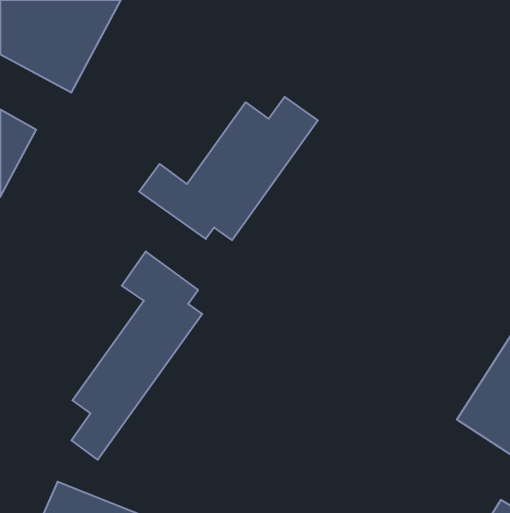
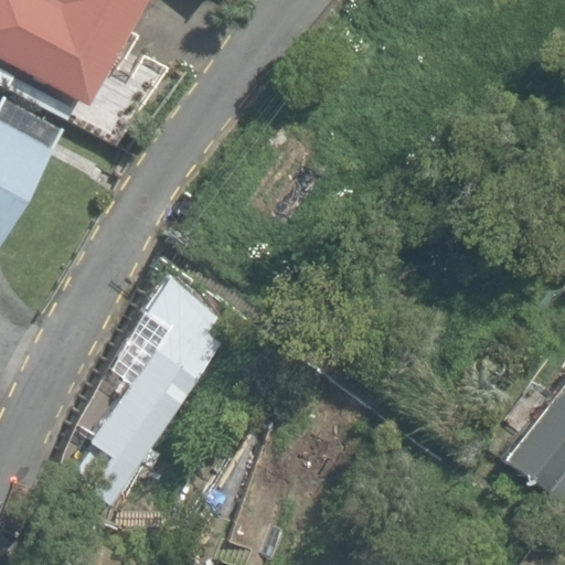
building: [139,97,318,240] -> none

